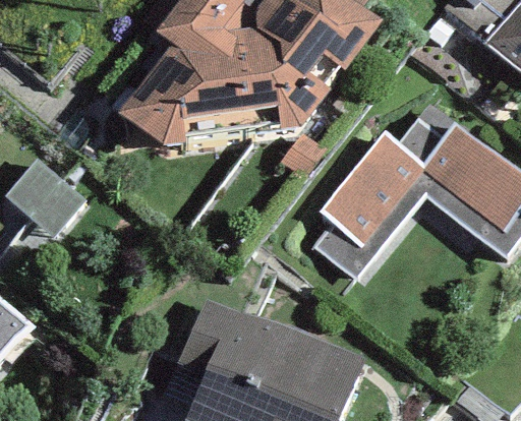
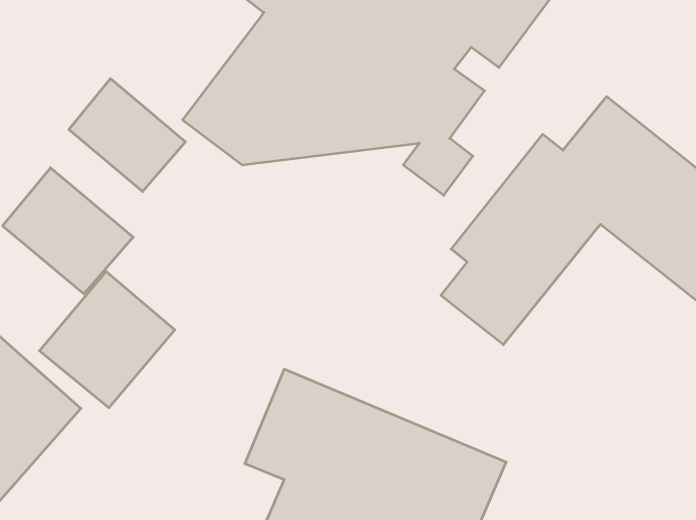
building: none -> [69,79,185,192]
building: none -> [39,271,175,408]

